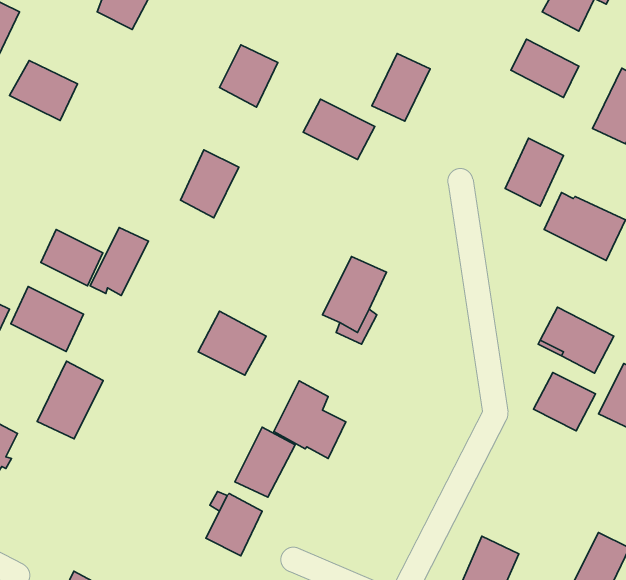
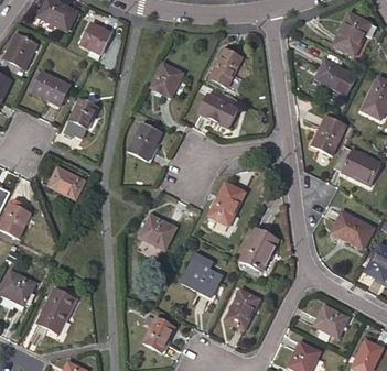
building: [372,53,430,121] -> [208,48,241,87]
building: [90,227,148,295] -> [64,99,97,138]
building: [11,287,83,352] -> none
building: none -> [239,229,278,271]
building: [37,361,103,439] -> [37,288,75,332]
building: [533,372,596,431] -> [313,305,348,338]
building: [235,427,295,497] -> [225,290,259,329]

